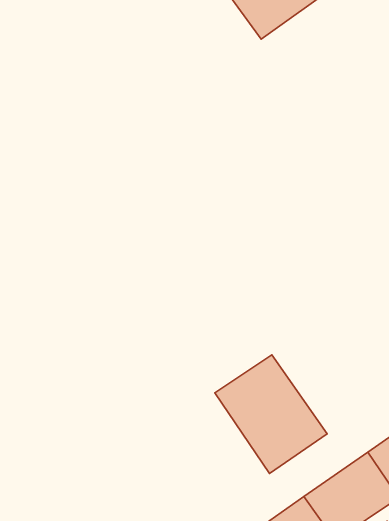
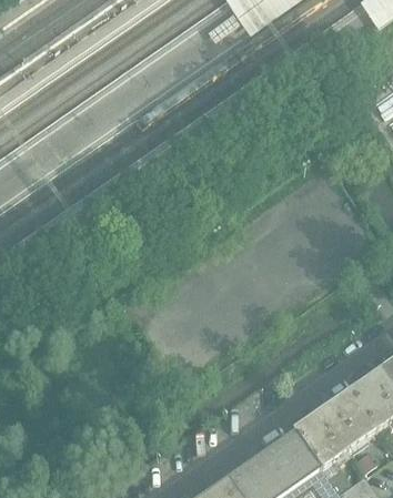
building: [215,355,327,473] -> none

